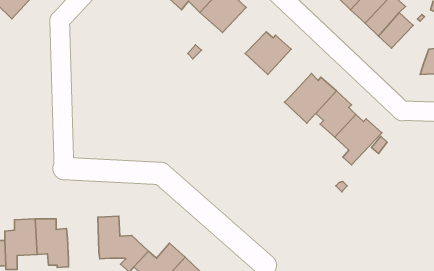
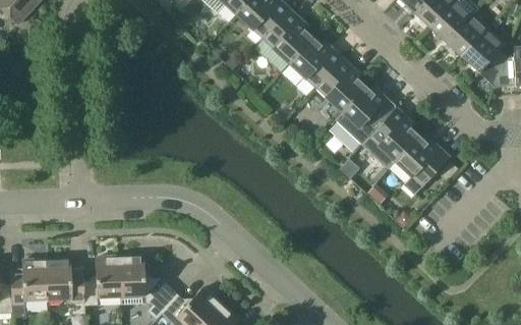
building: none -> [265,10,315,64]
building: none -> [462,29,507,89]
building: none -> [317,59,368,114]
building: none -> [83,256,120,306]

